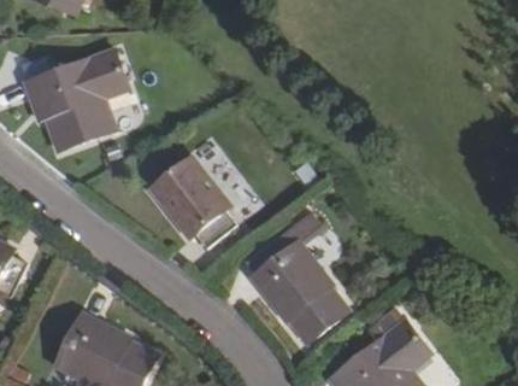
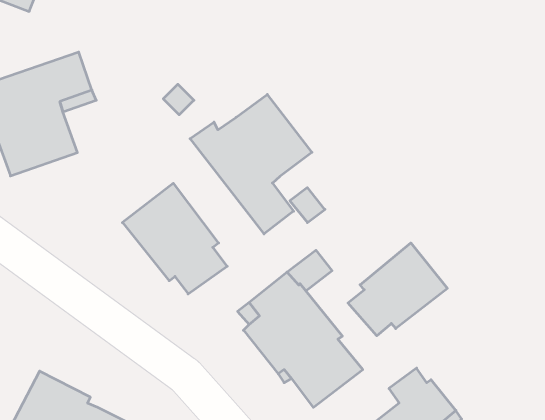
building: none -> [190,94,312,234]
building: none -> [348,243,447,336]

